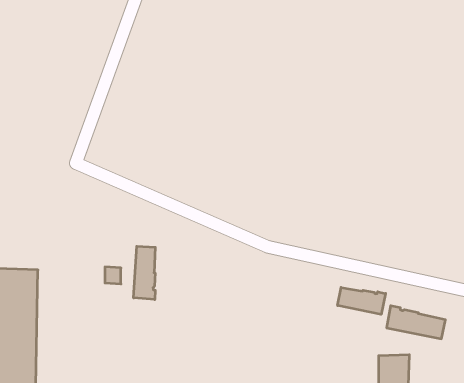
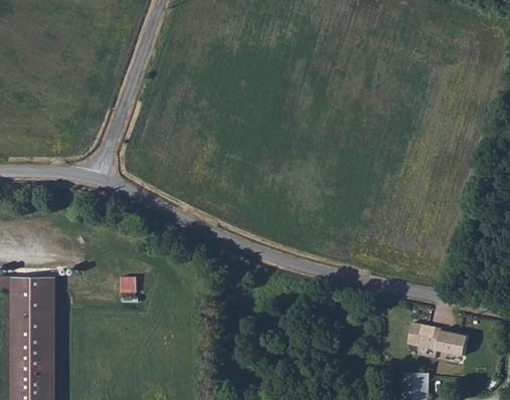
building: [134,246,155,300] -> none
building: [338,287,386,314] -> none

